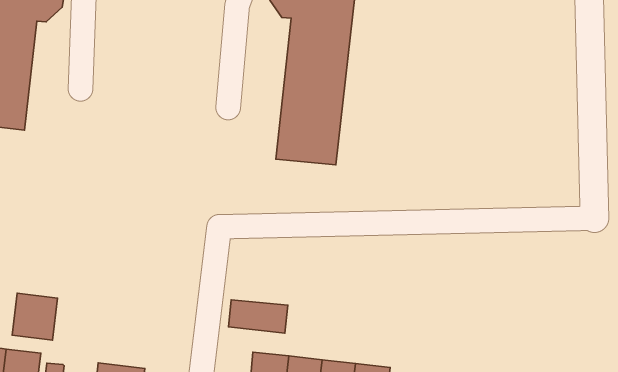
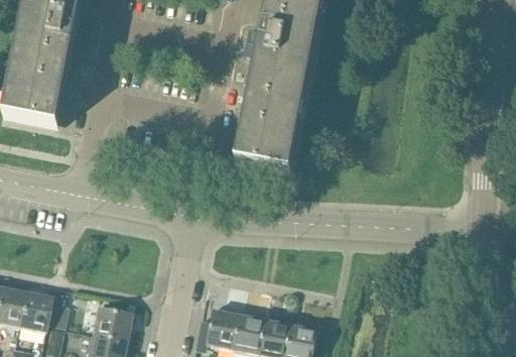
building: [12,293,58,340] -> none
building: [229,300,288,333] -> none

